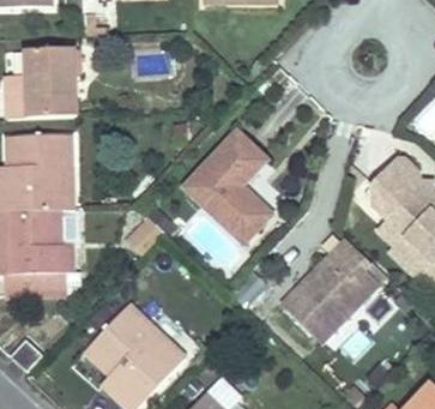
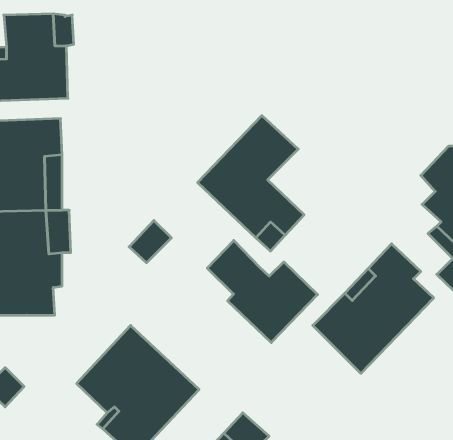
building: none -> [207,240,318,343]

